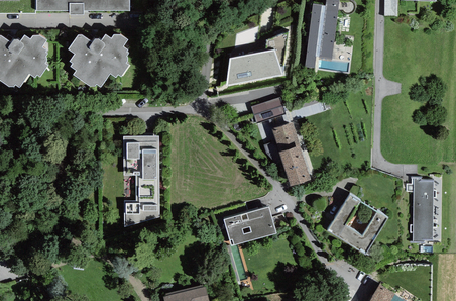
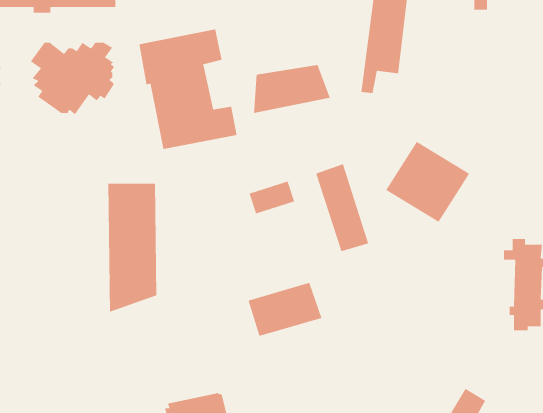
building: none -> [139,29,238,150]
building: [251,97,284,121] -> [249,181,295,214]
building: [327,193,387,252] -> [385,141,470,223]

